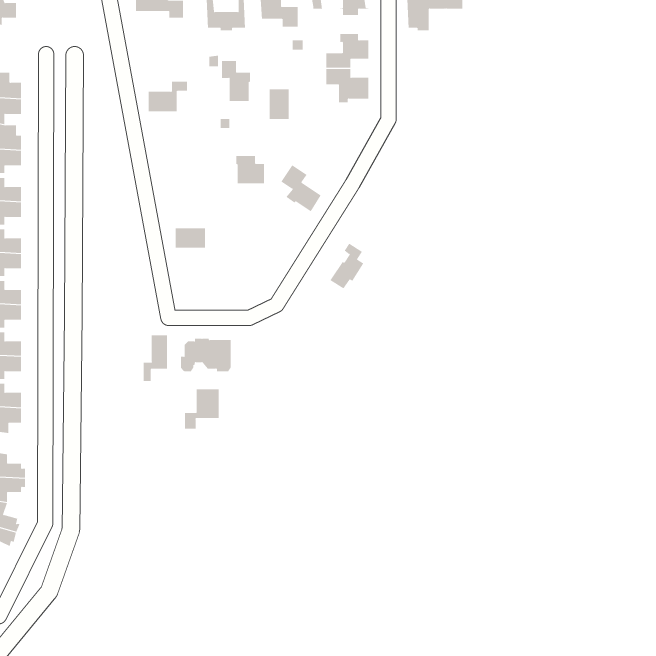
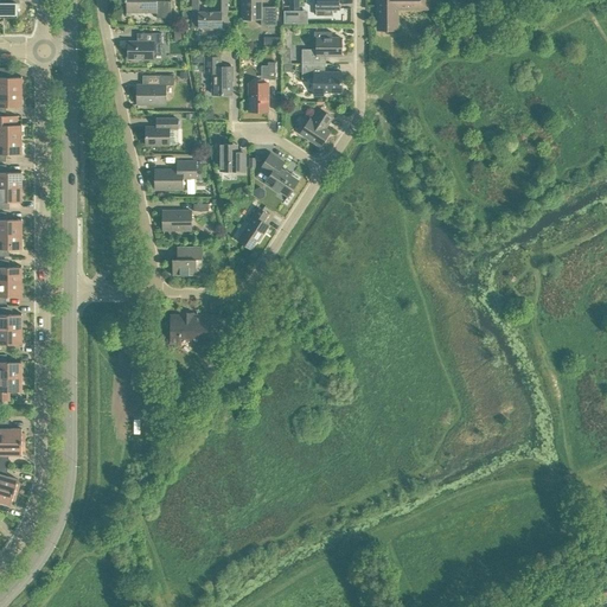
building: none -> [127,32,161,58]
building: none -> [299,108,331,146]
building: none -> [145,117,177,143]
building: none -> [153,160,194,189]
building: [330,243,364,289] -> [236,205,268,248]
building: none -> [171,245,202,274]
building: [143,335,168,382] -> none
building: [184,389,219,429] -> none

